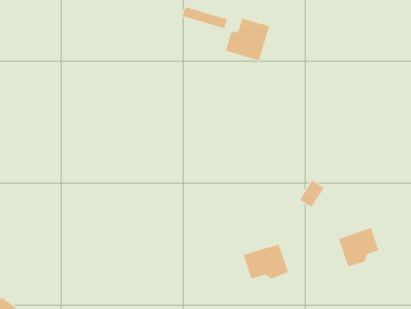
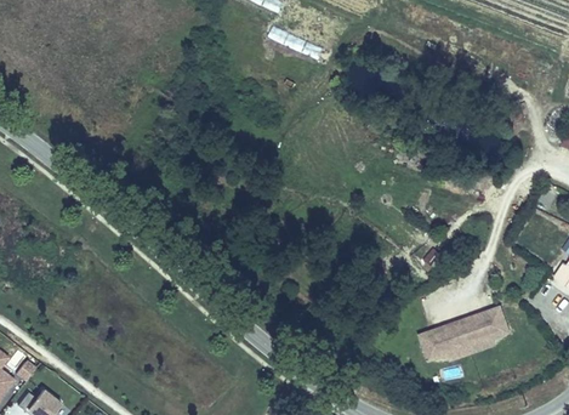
building: [225,18,270,61] -> none
building: [243,244,289,279] -> [416,318,473,362]

